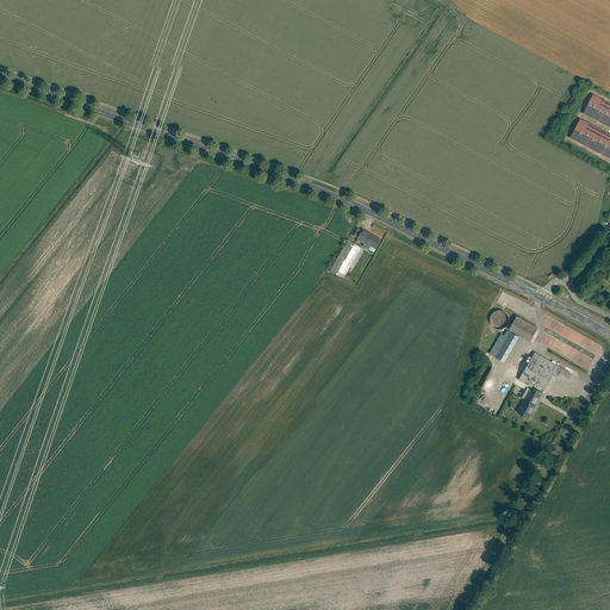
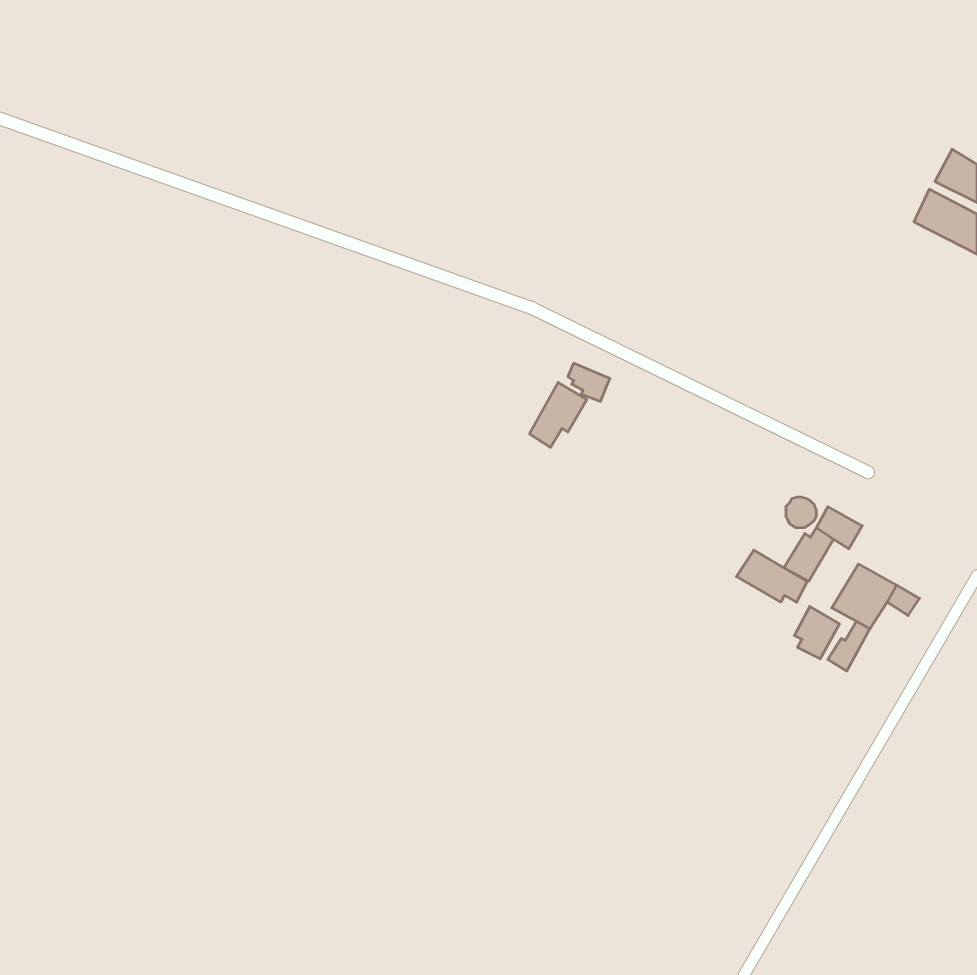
building: none -> [736,550,807,602]
building: none -> [794,606,839,659]

